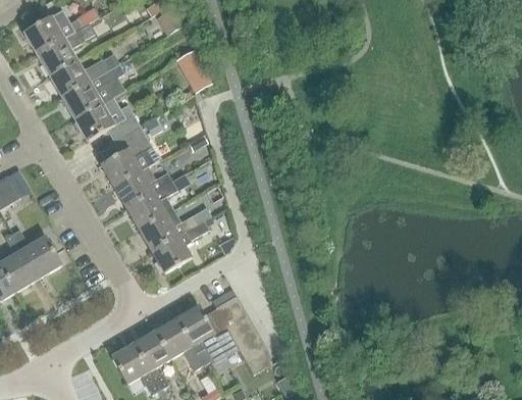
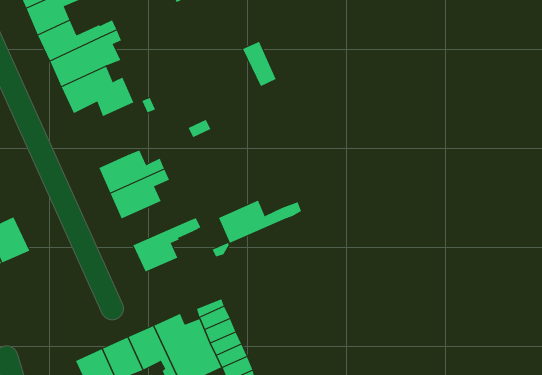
building: [178,51,211,91] -> [242,41,277,87]
building: [100,127,158,187] -> none
building: [138,208,210,251] -> [218,200,302,244]

